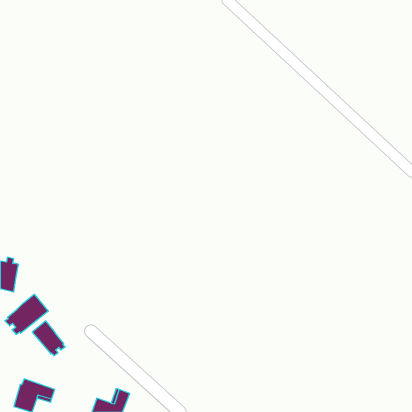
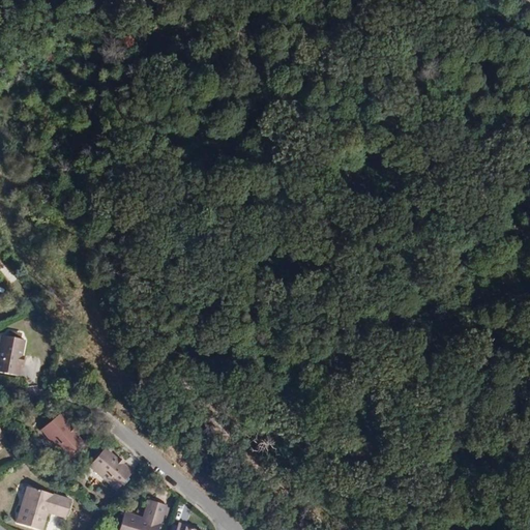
building: [5,294,48,334] -> none
building: none -> [90,447,131,489]

